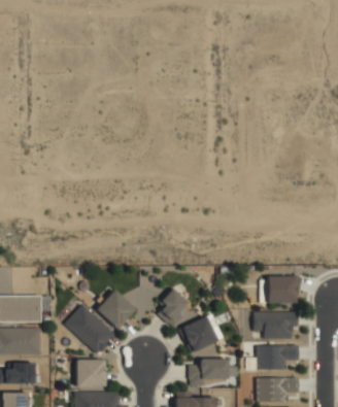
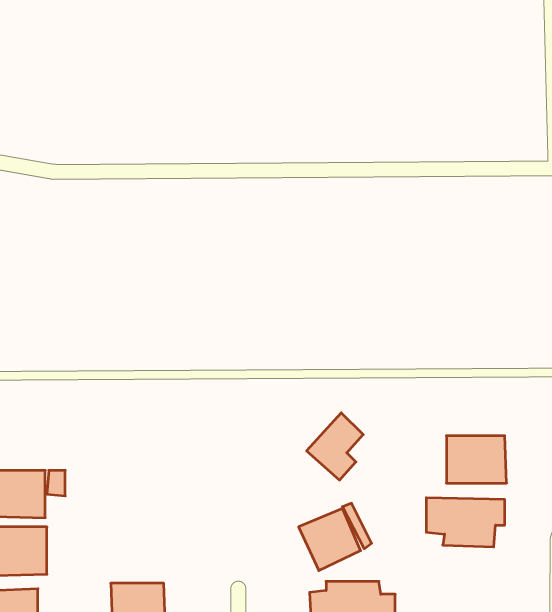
building: [96,290,136,330] -> none
building: [155,290,187,328] -> [307,413,363,480]
building: [64,304,115,354] -> none
building: [256,345,298,370] -> none

